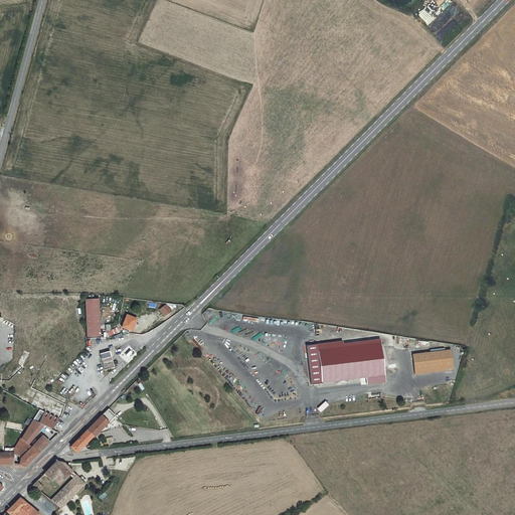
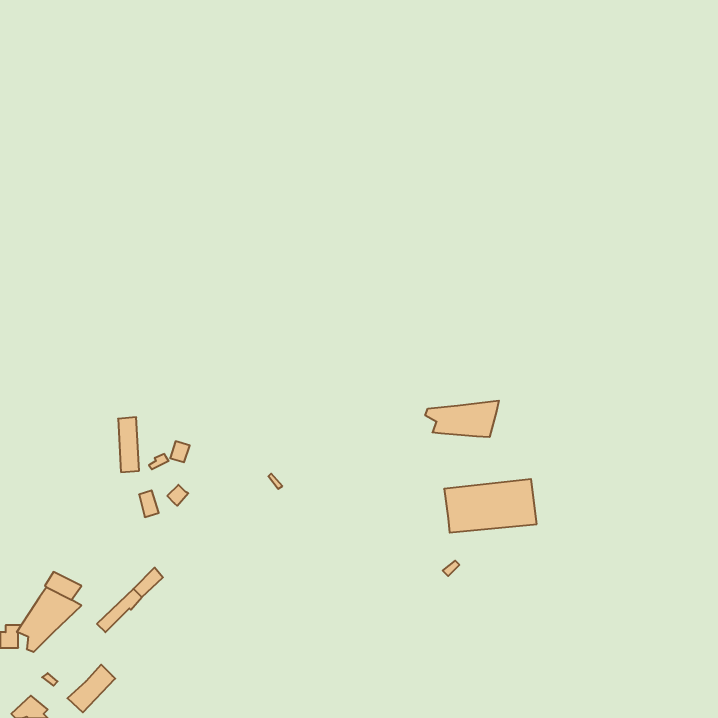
building: none -> [425,401,499,437]
building: [412,350,453,374] -> none
building: [41,462,70,485] -> none

